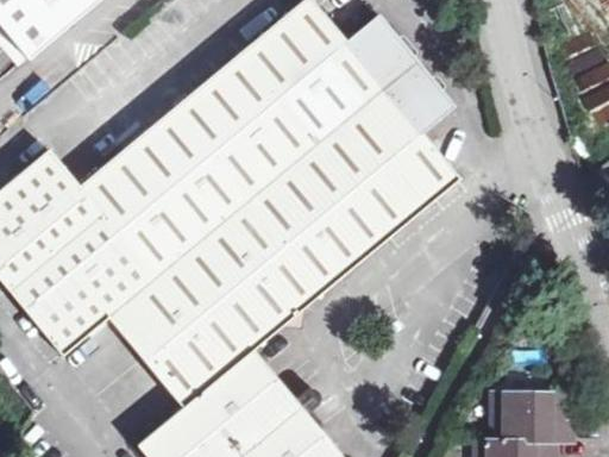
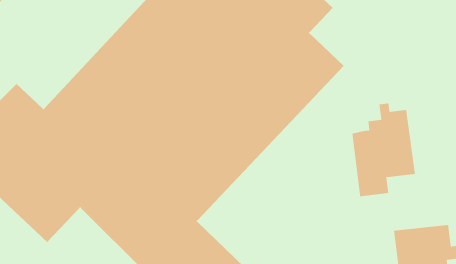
building: none -> [352,102,416,197]

